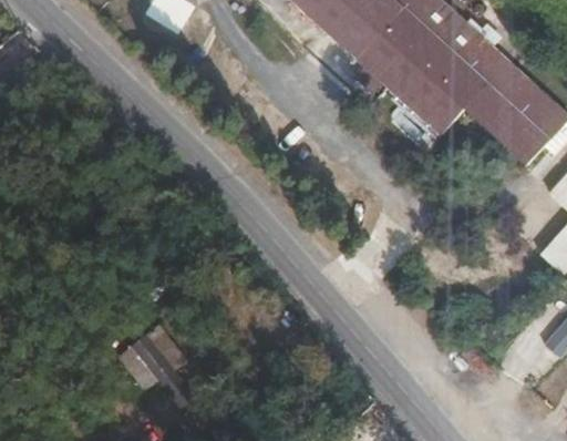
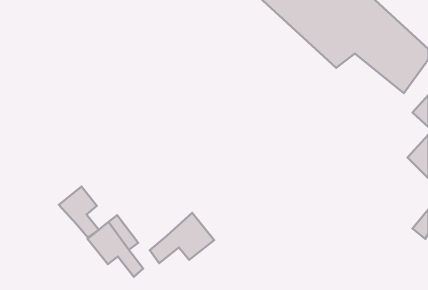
building: none -> [59,186,99,238]
building: none -> [150,213,214,263]

